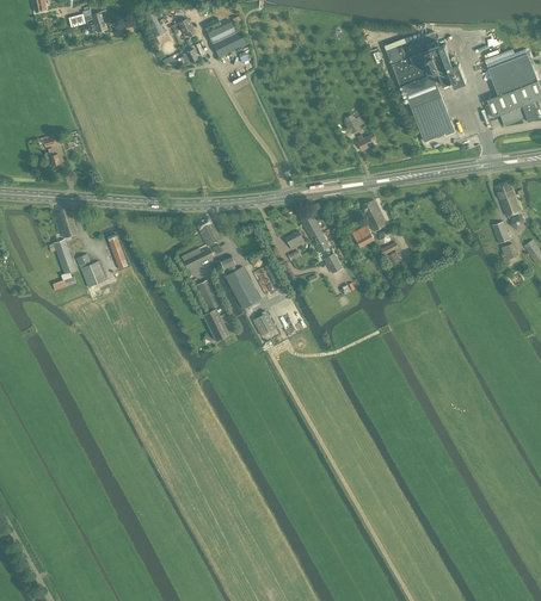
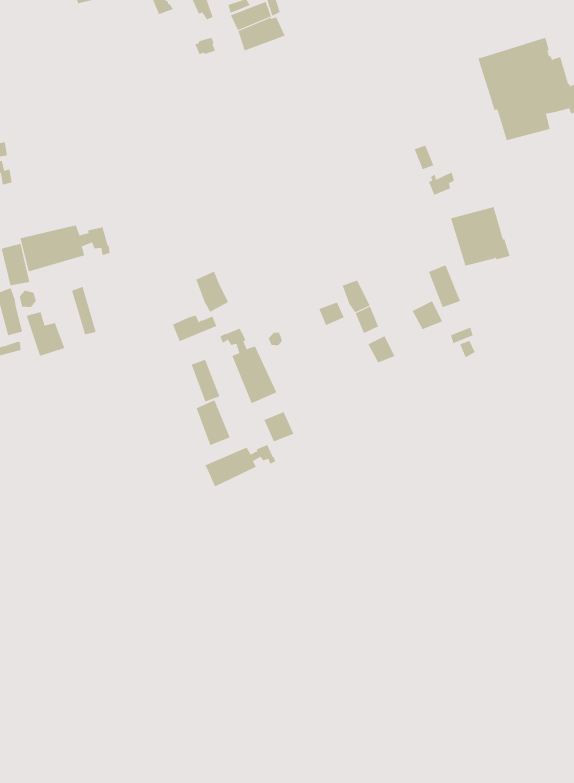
building: [410,97,455,141] -> [450,207,511,266]
building: none -> [20,224,110,272]
building: none -> [205,444,276,487]

